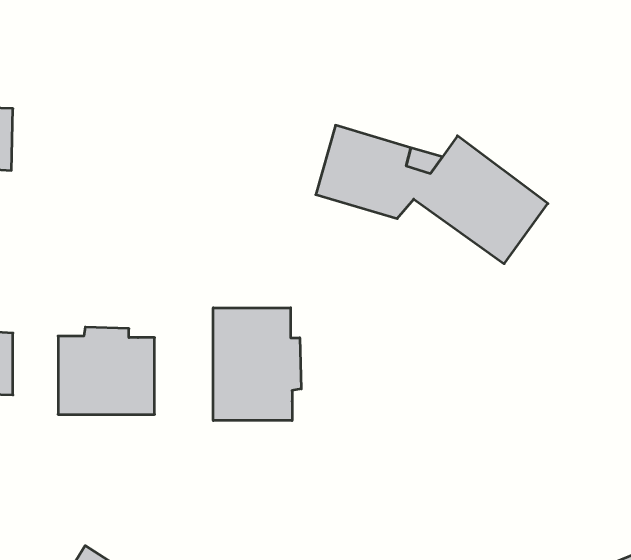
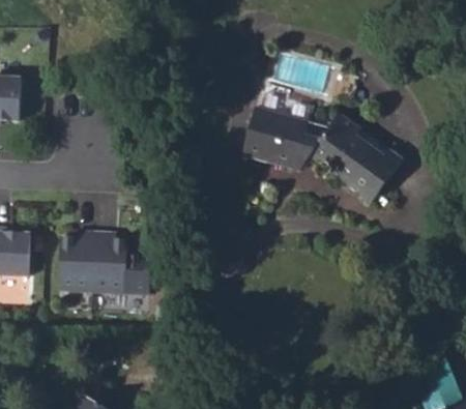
building: [213,308,301,421] -> none

